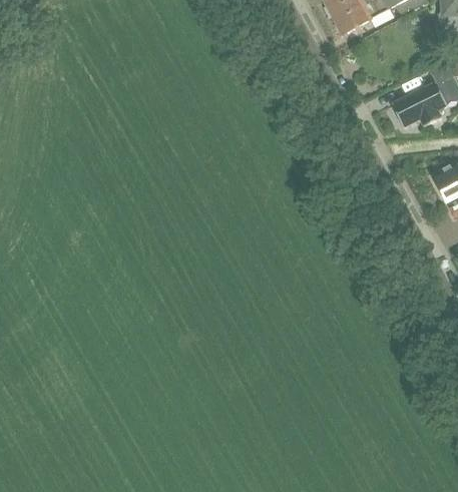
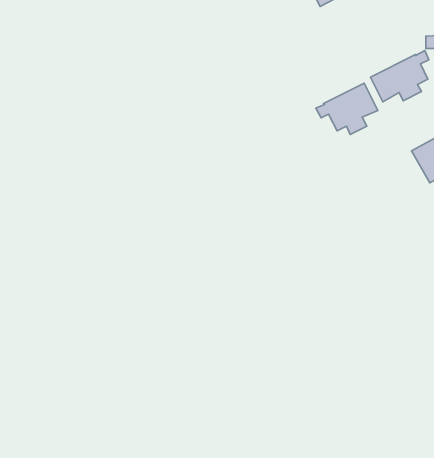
building: none -> [316,83,378,134]

